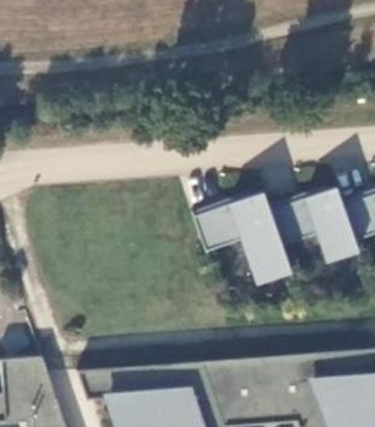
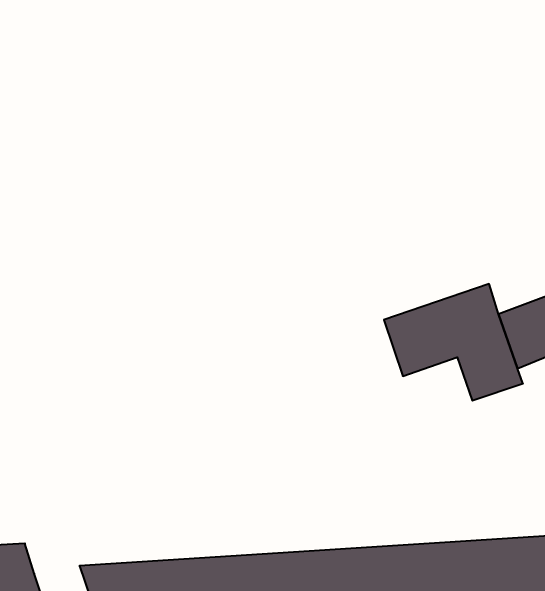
building: [194,194,290,285] -> none

